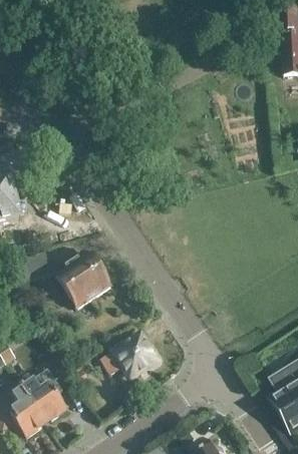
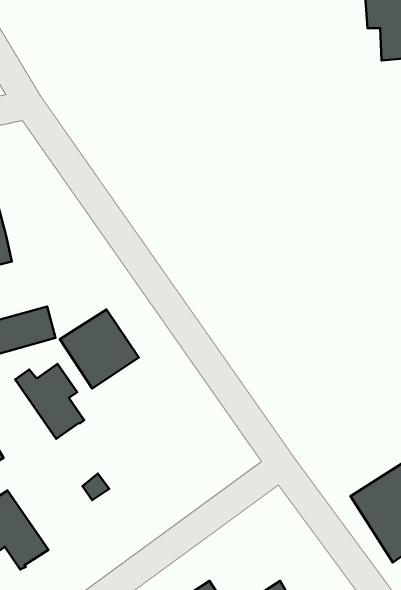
building: [104,336,155,375] -> none
building: [17,370,66,423] -> [15,364,84,439]

